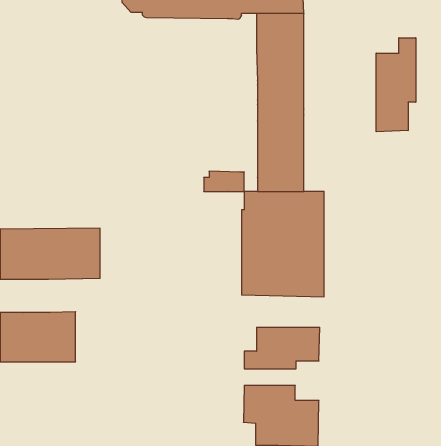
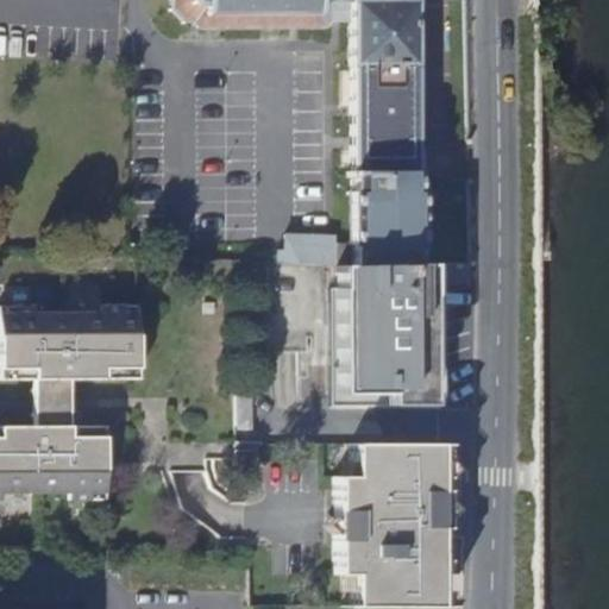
building: [376,38,416,132] -> none
building: none -> [40,378,77,423]
building: none -> [341,489,442,542]

